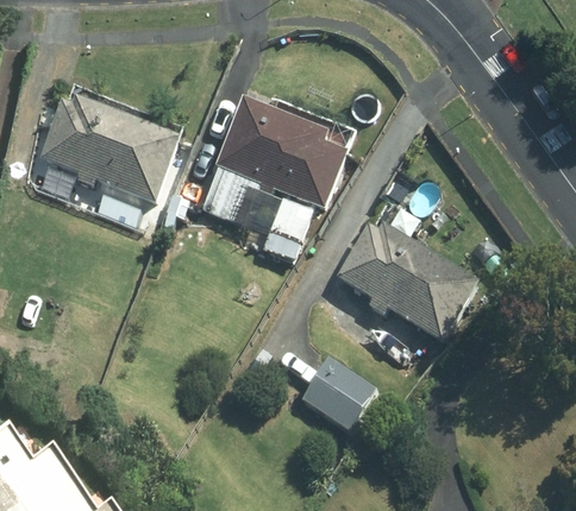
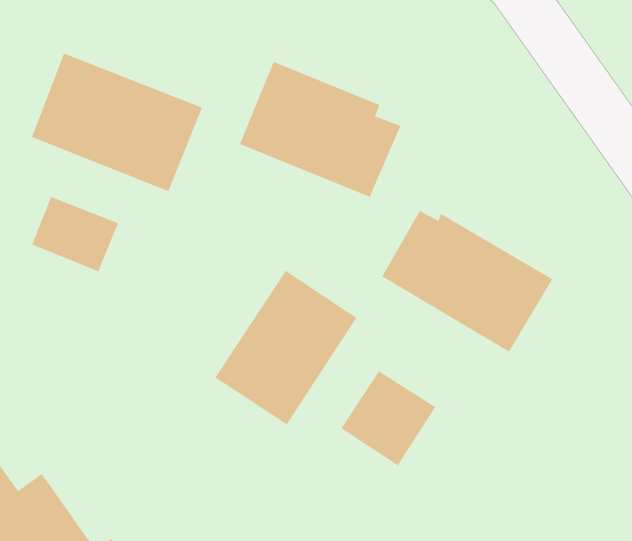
building: none -> [31,196,119,272]
building: none -> [215,270,357,425]

